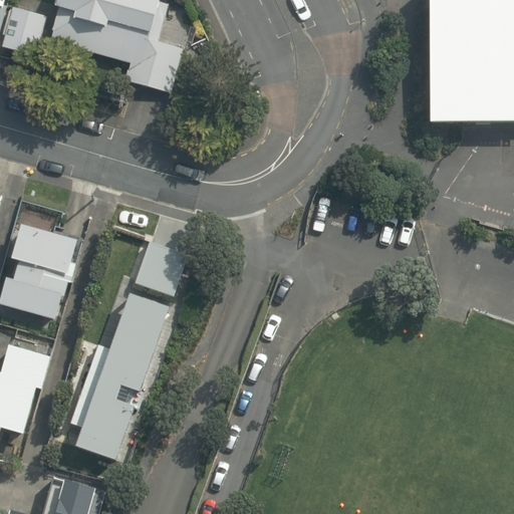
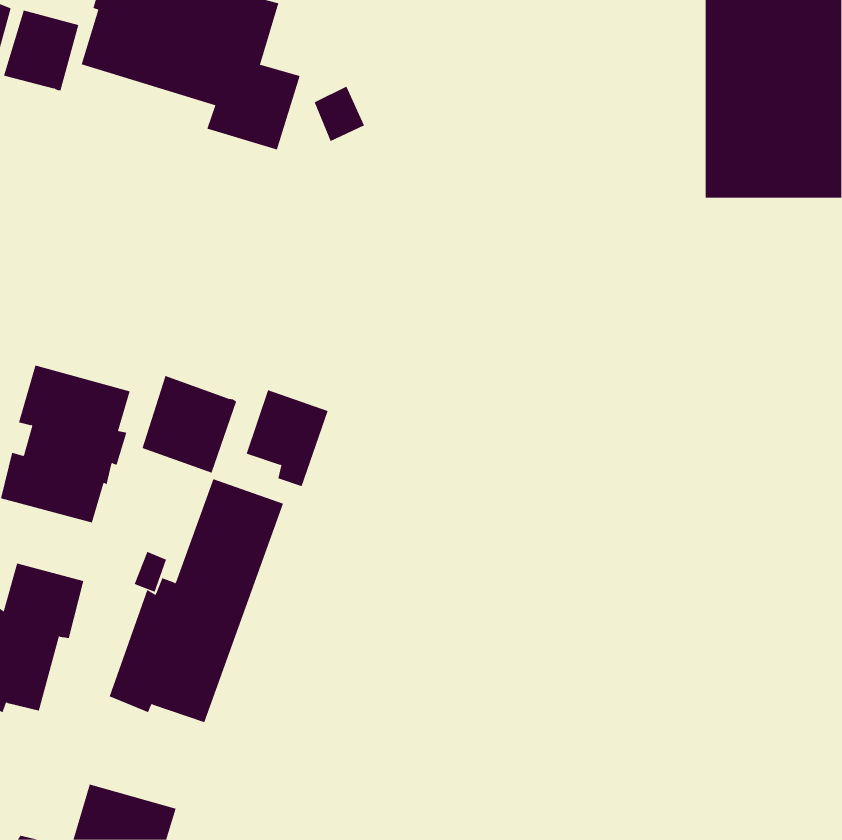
building: none -> [142,375,237,474]

